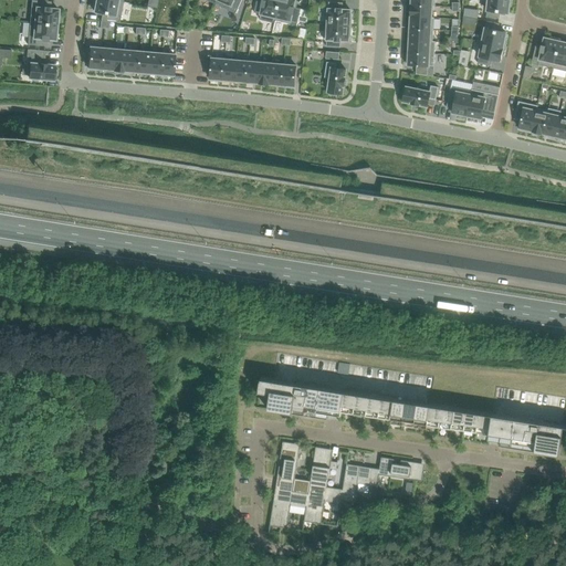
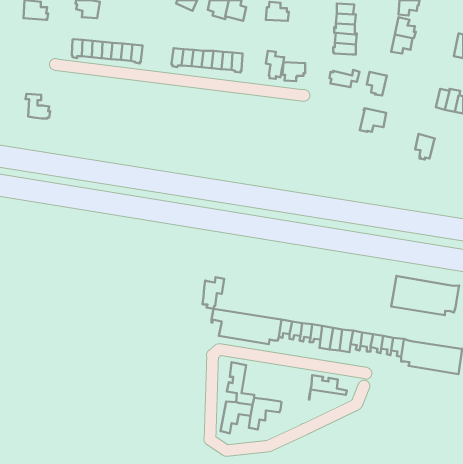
building: [27,22,56,46] -> none
building: [323,24,350,48] -> [283,62,305,81]
building: [531,36,559,69] -> none
building: [25,50,55,80] -> [26,94,50,118]
building: [465,90,497,118] -> [360,108,386,132]
building: [513,101,537,132] -> [415,134,435,159]
building: none -> [391,276,459,315]
building: none -> [202,277,224,309]
building: [310,447,331,486] -> none
building: [342,463,379,501] -> none

